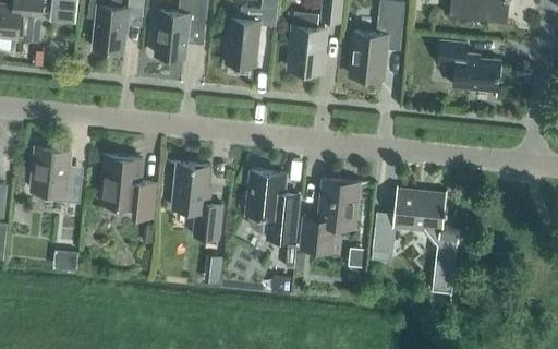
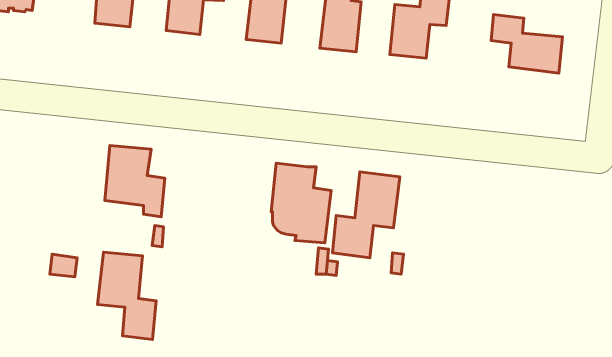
building: [32,148,83,204] -> none
building: [171,164,222,240] -> [97,252,156,340]
building: [372,186,460,306] -> none

